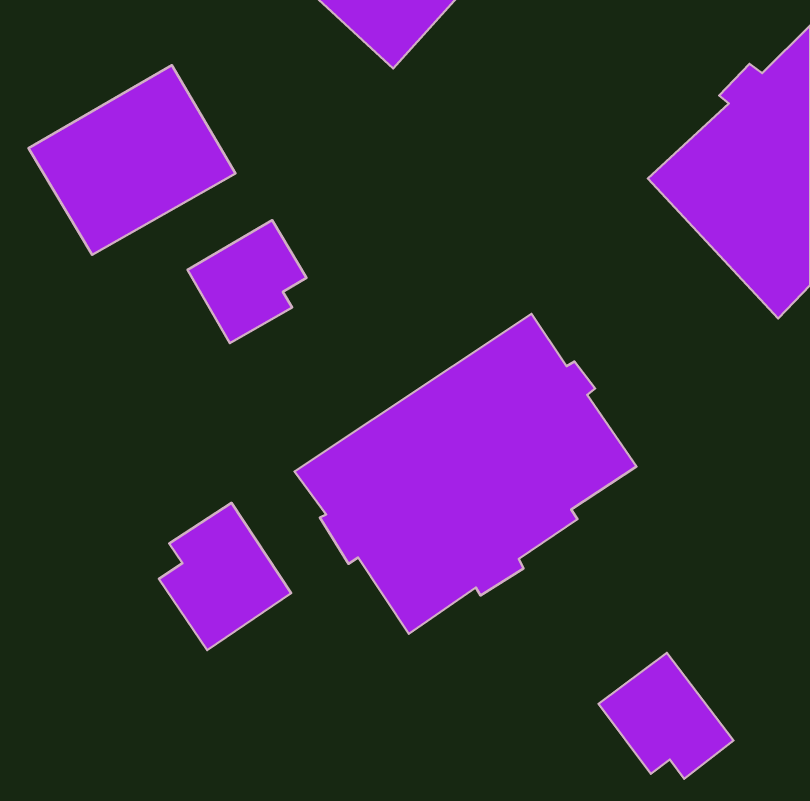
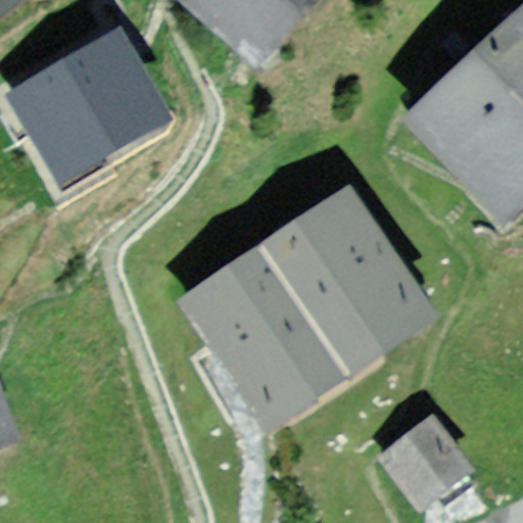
building: [187,220,306,343] -> none
building: [159,503,291,650] -> none

